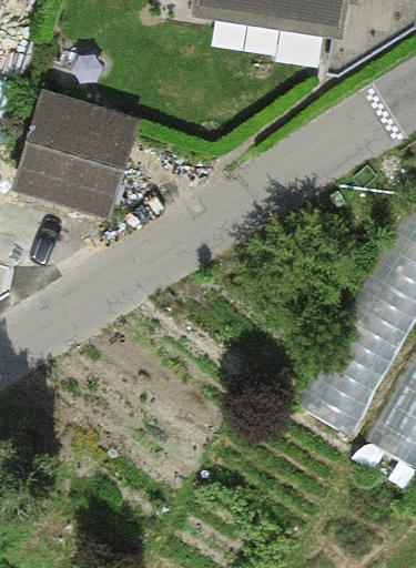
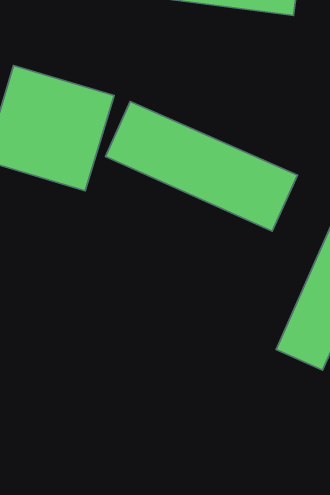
building: none -> [105,101,298,231]

